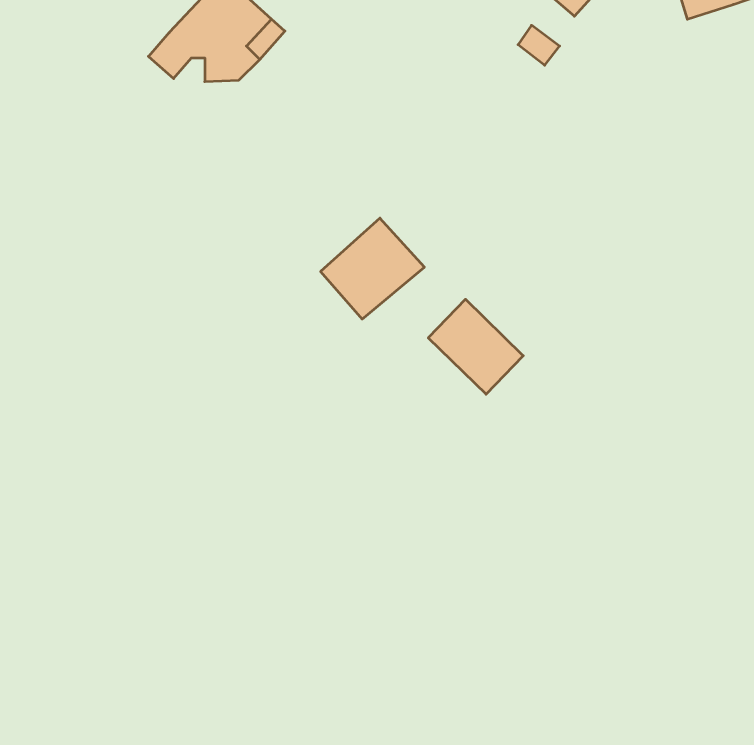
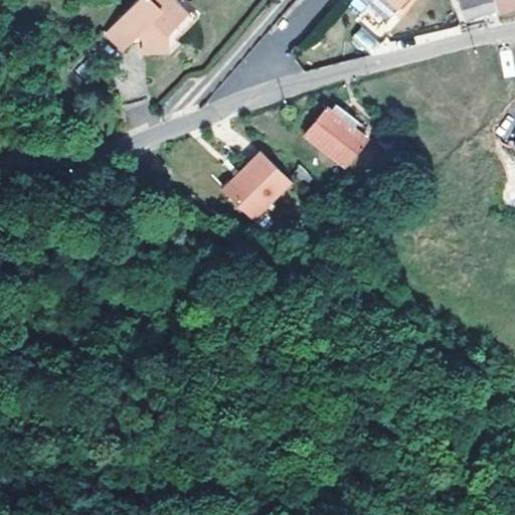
building: [428,299,523,394] -> [305,108,369,172]

